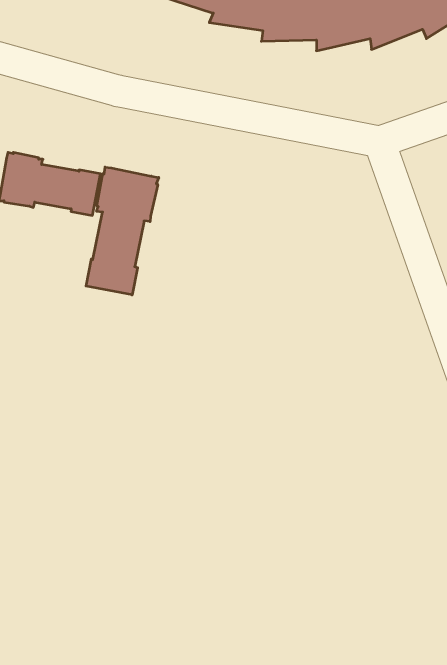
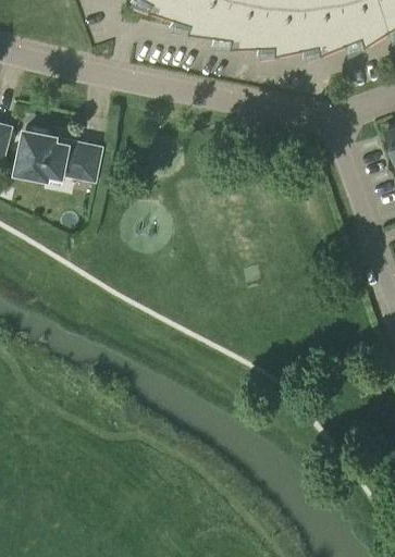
building: [86,167,159,295] -> none

